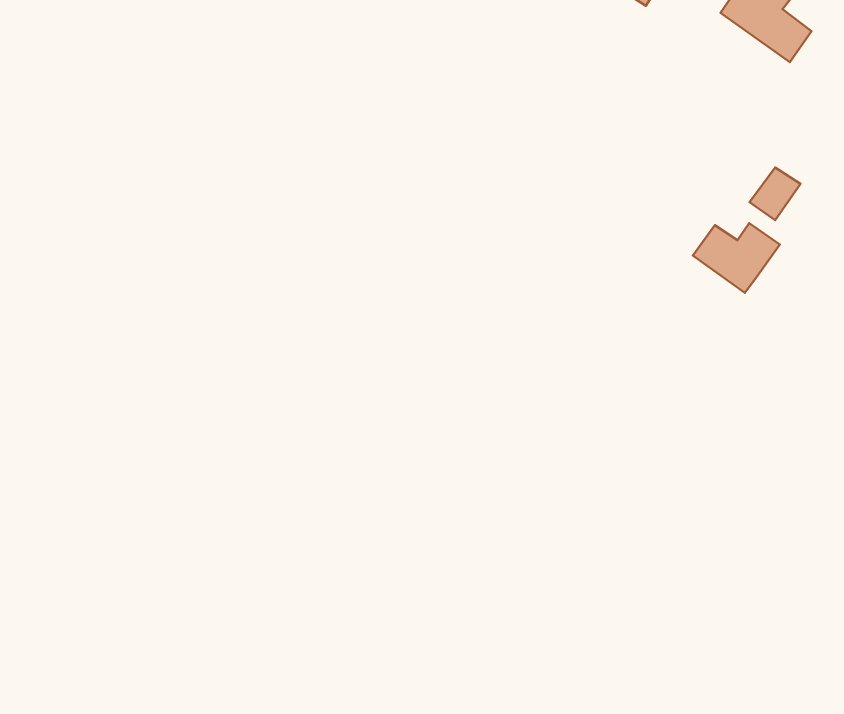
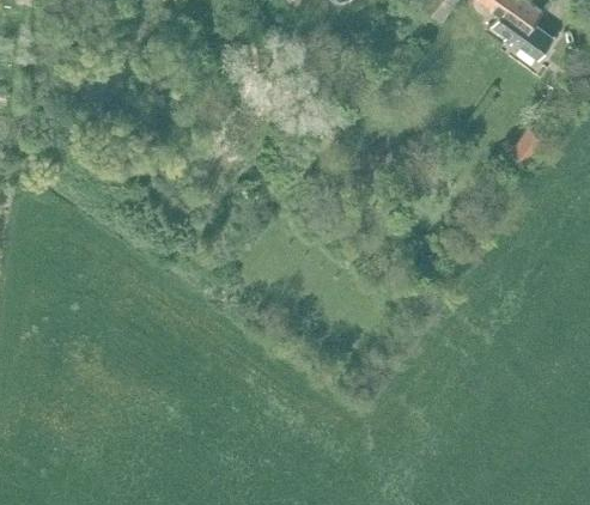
building: [693,223,780,293] -> none

